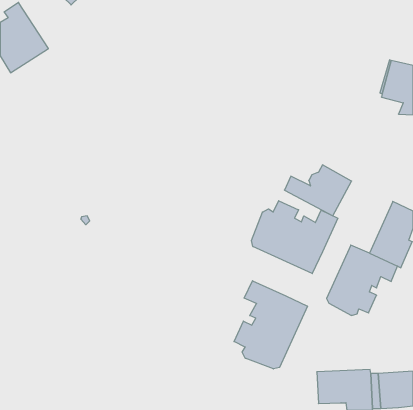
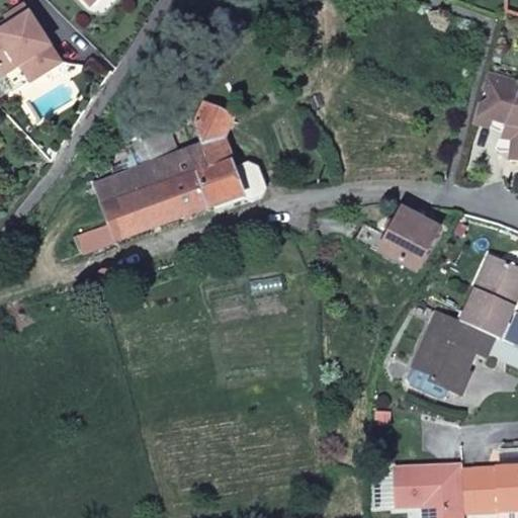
building: none -> [74,100,266,252]
building: [251,201,338,274] -> none
building: [234,281,307,369] -> none

